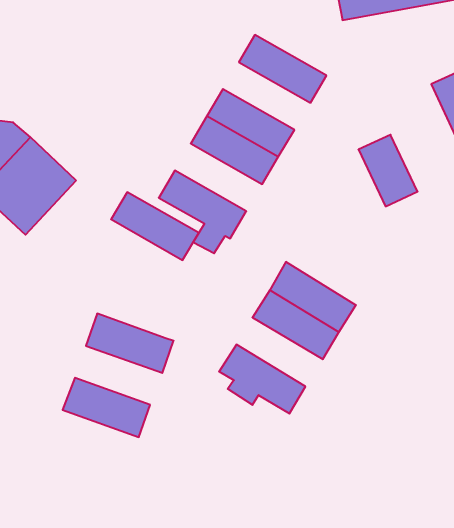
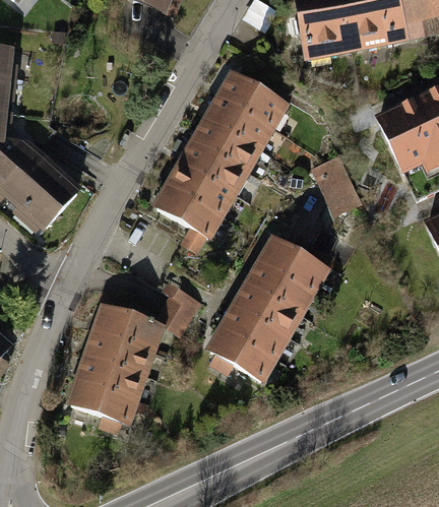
building: none -> [204,92,276,148]
building: [111,192,199,260] -> [165,160,237,215]
building: none -> [256,235,328,293]
building: none -> [158,280,203,334]
building: none -> [215,303,287,360]
building: none -> [82,326,154,375]
building: none -> [63,379,135,433]

